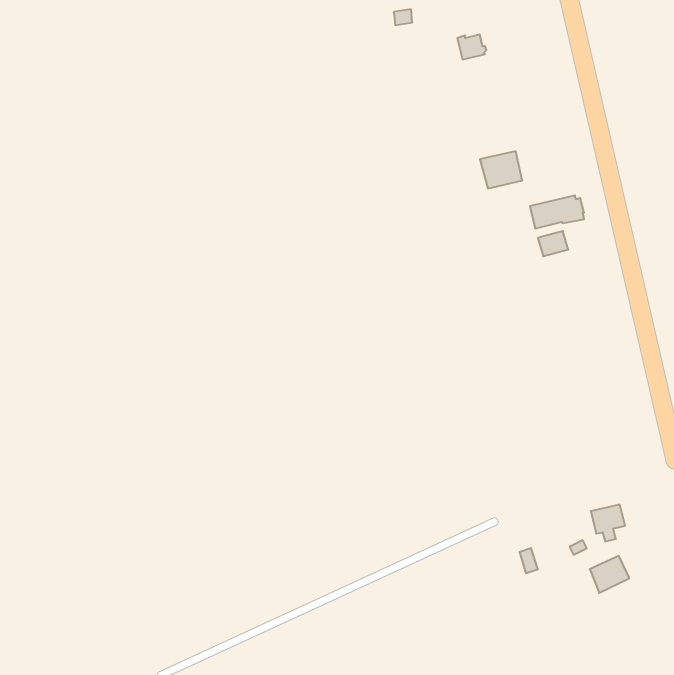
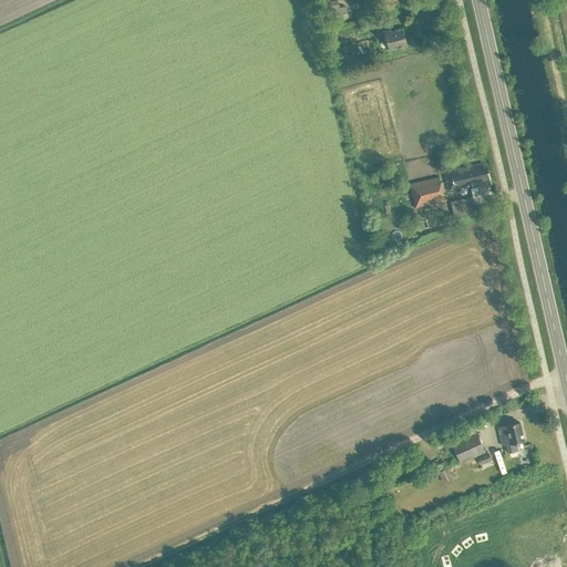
building: [480,151,522,188] -> [410,177,445,208]
building: [590,556,629,593] -> [453,433,486,464]

